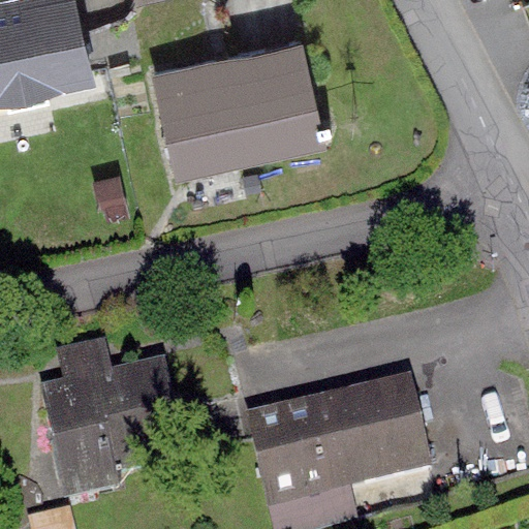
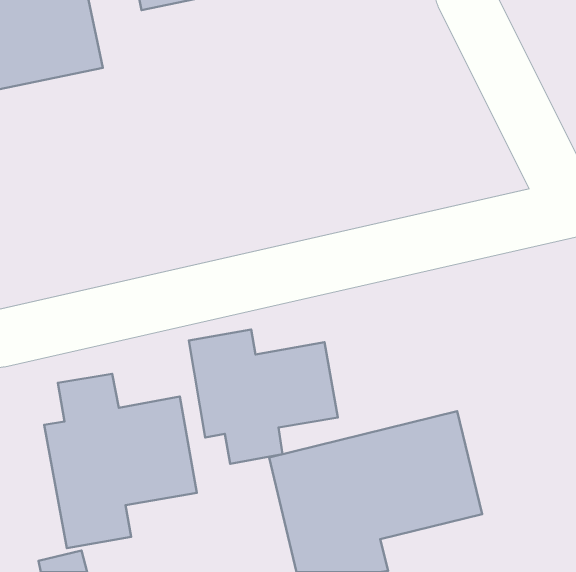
building: [150,34,320,176] -> none
building: none -> [189,330,338,464]

